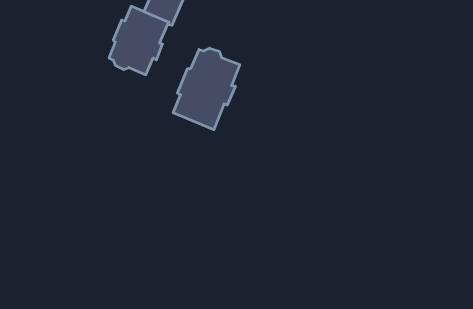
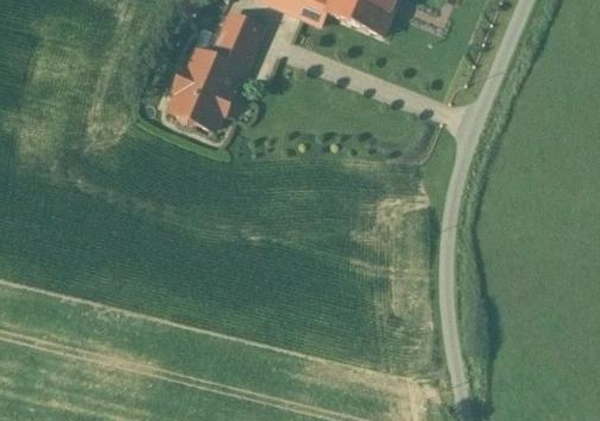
building: [173,48,240,130] -> none

